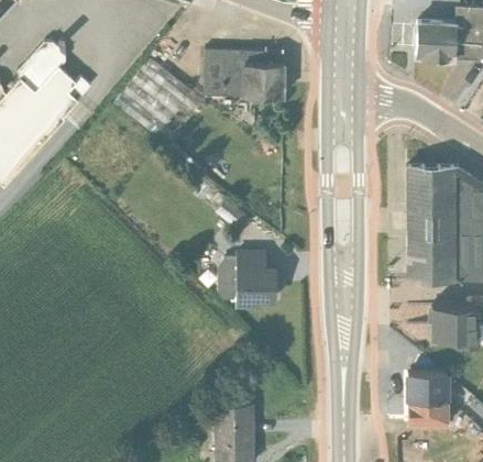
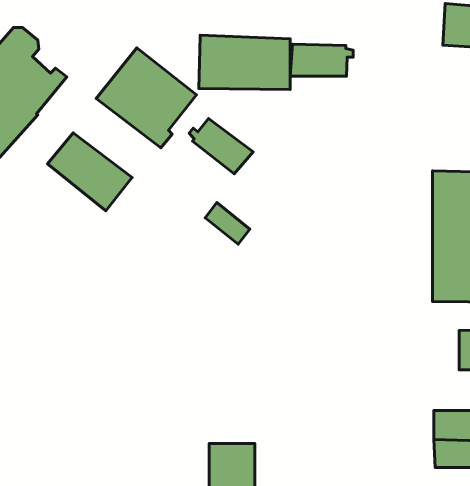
building: none -> [290,44,353,76]
building: none -> [189,118,253,174]
building: none -> [47,133,132,211]
building: [217,250,276,308] -> none

